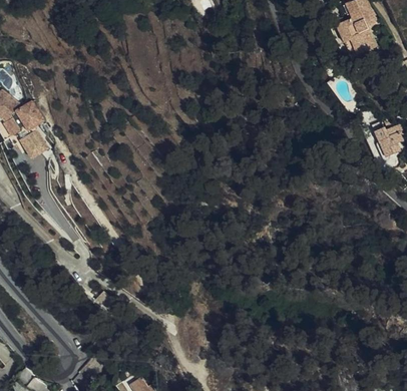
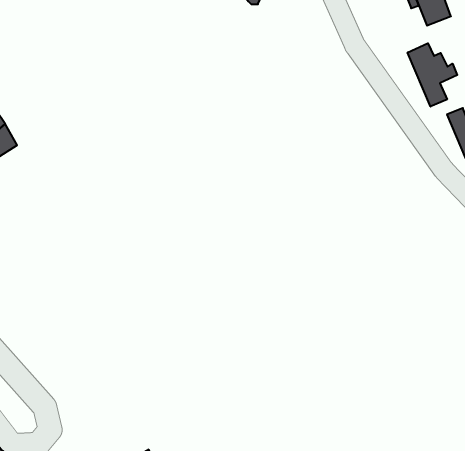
building: none -> [408,43,457,107]

